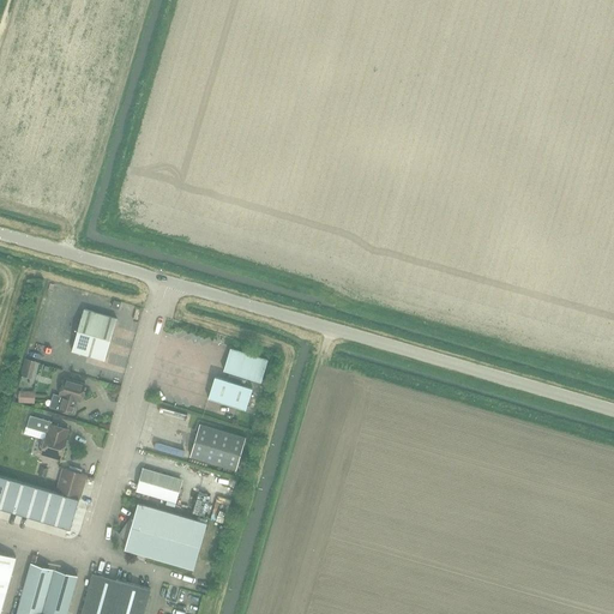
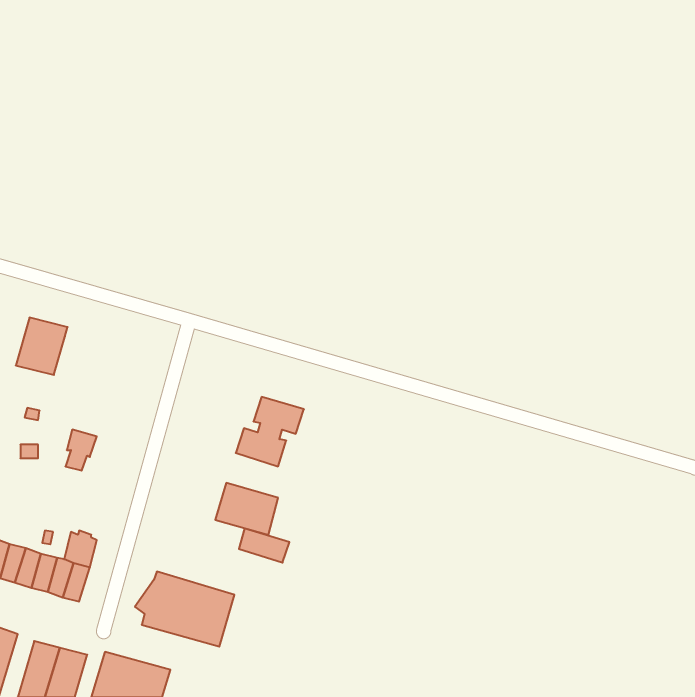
building: [71,309,116,360] -> [16,318,68,375]
building: [26,415,67,459] -> none
building: [137,470,181,500] -> [239,528,289,563]

